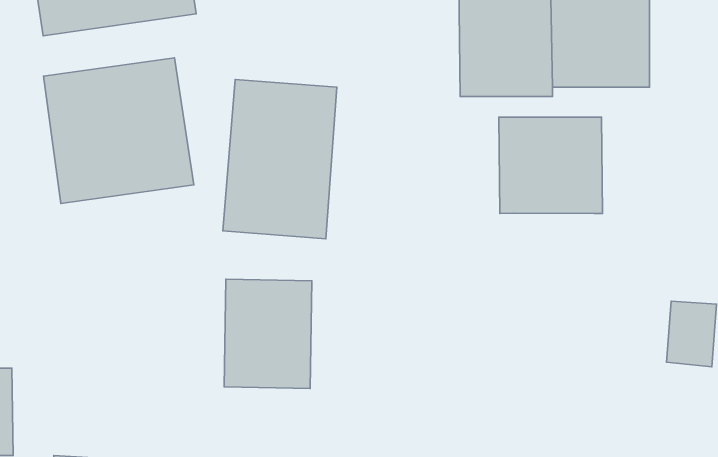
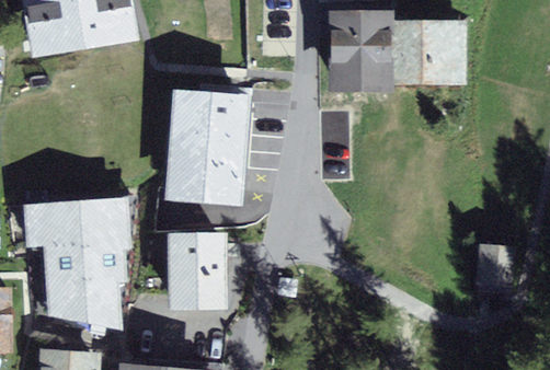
building: [44,58,194,204] -> none
building: [499,117,603,214] -> none
building: none -> [28,200,133,331]

